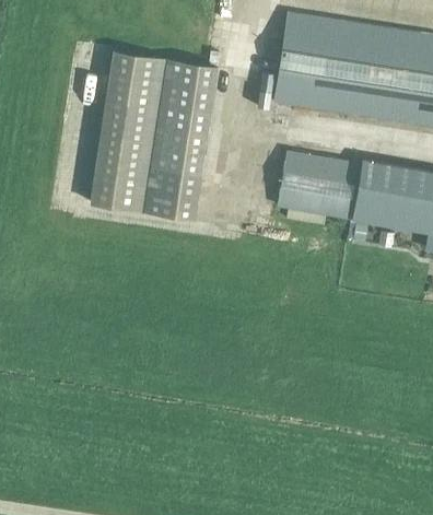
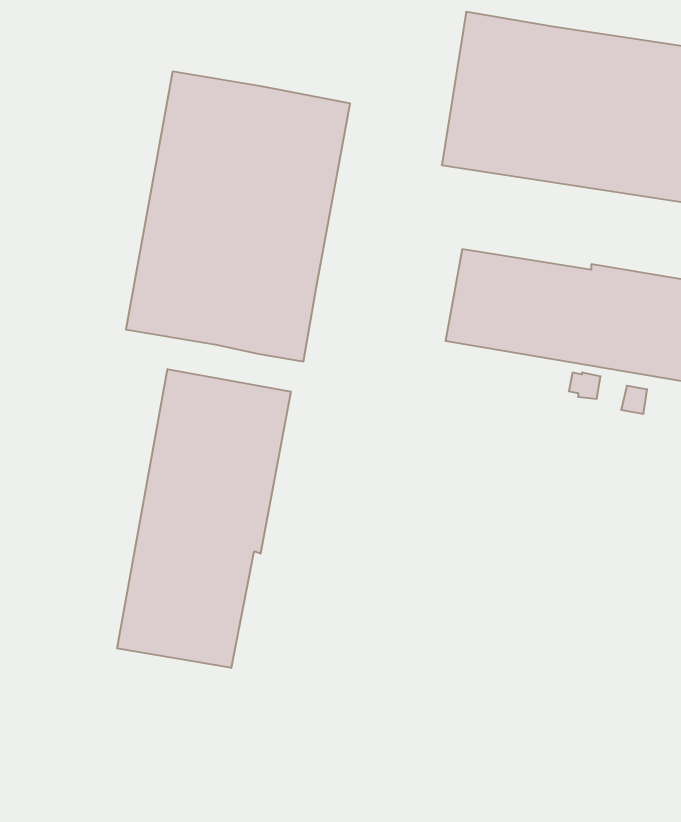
building: none -> [117,369,291,668]

